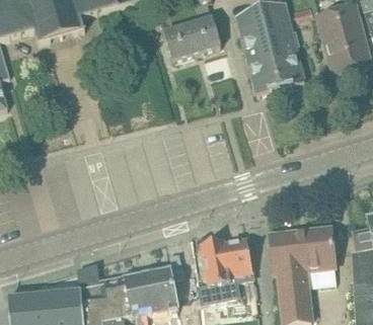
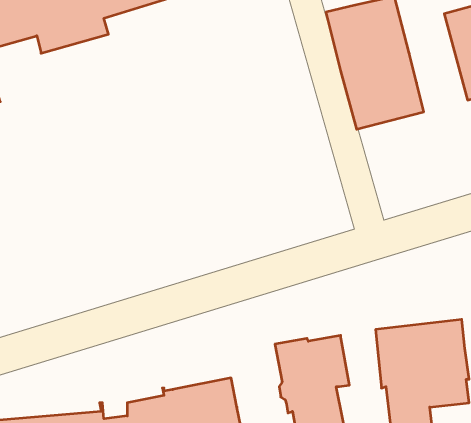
building: [163,15,220,58] -> none

